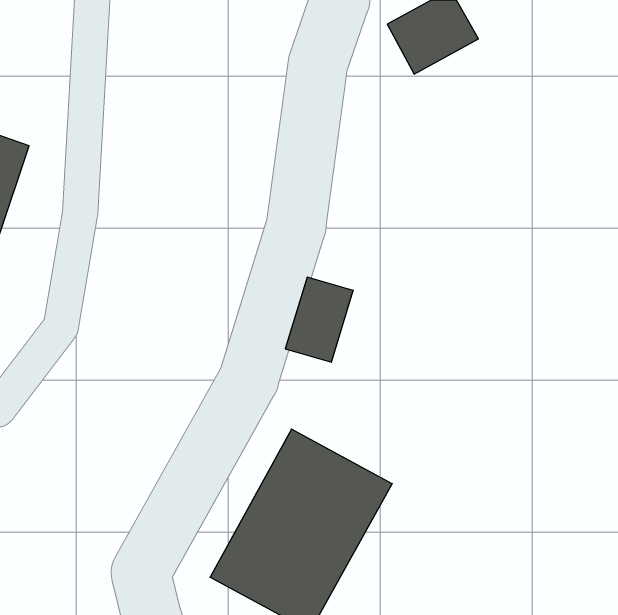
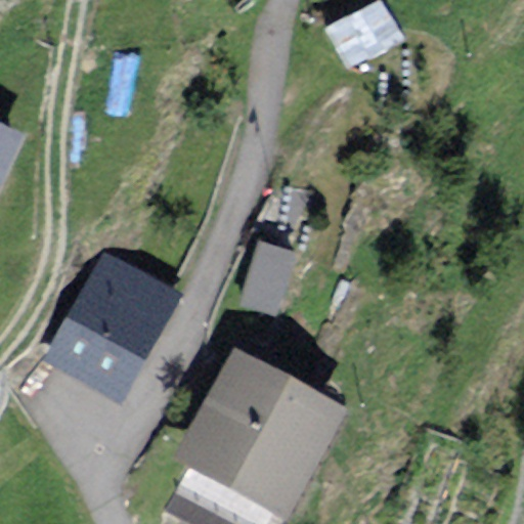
building: none -> [44,255,175,398]

